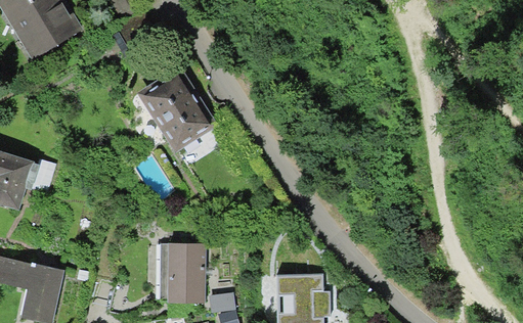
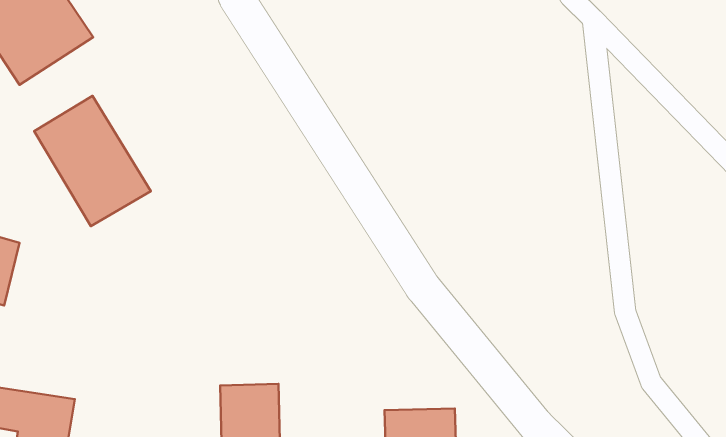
building: [140,66,218,153] -> [34,96,151,226]

